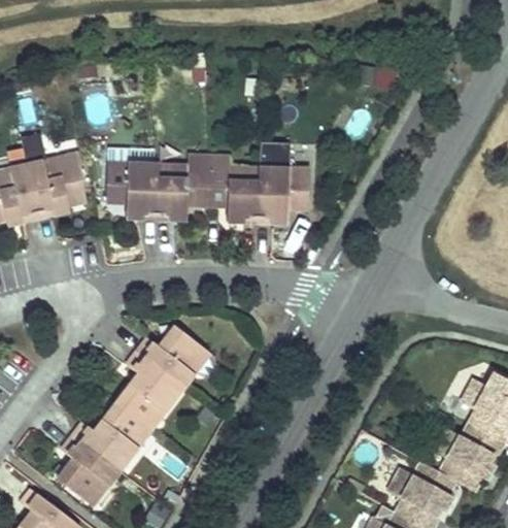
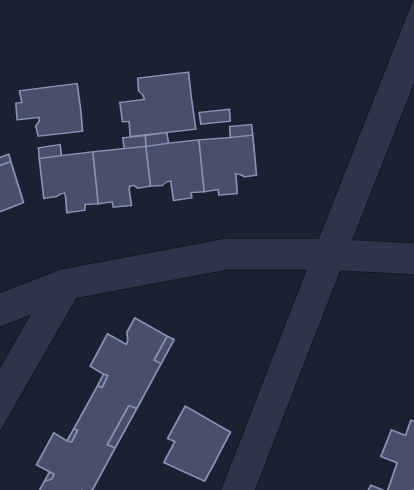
building: none -> [16,83,83,136]
building: none -> [120,72,196,136]
building: none -> [164,406,230,481]

